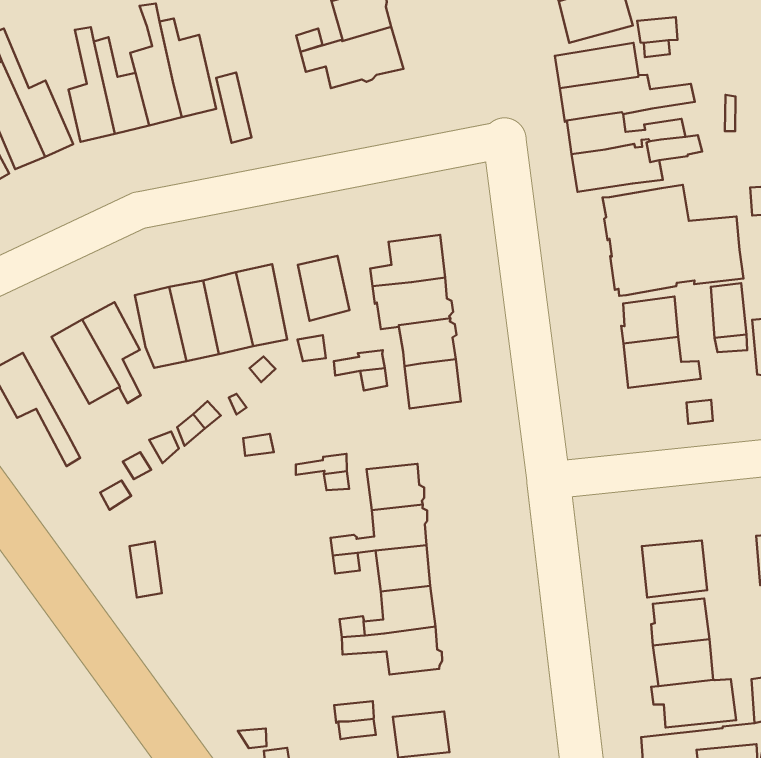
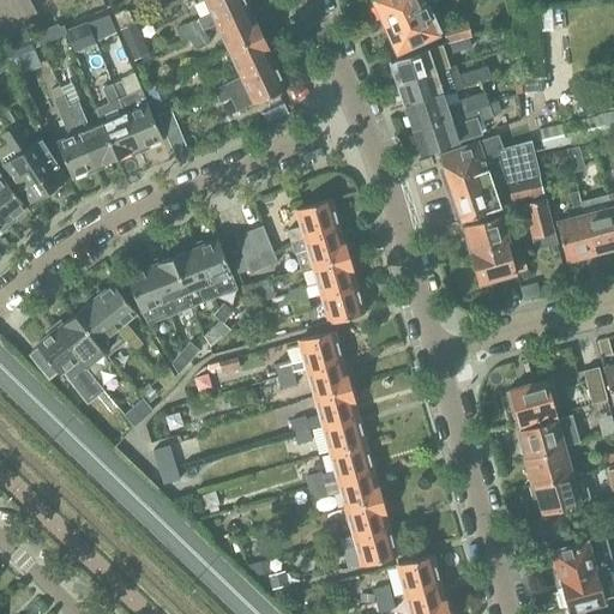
building: none -> [56,315,113,381]
building: none -> [299,332,342,371]
building: none -> [347,500,389,538]

